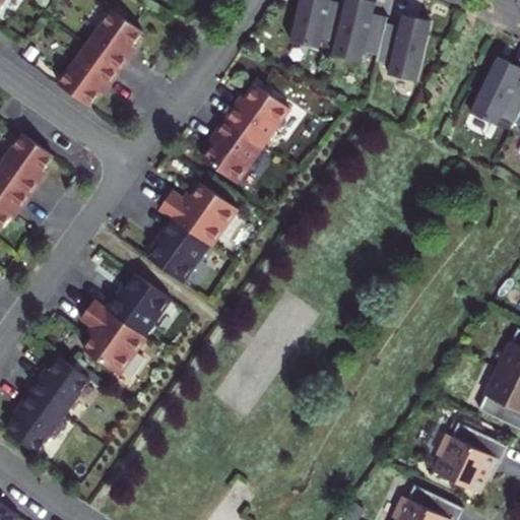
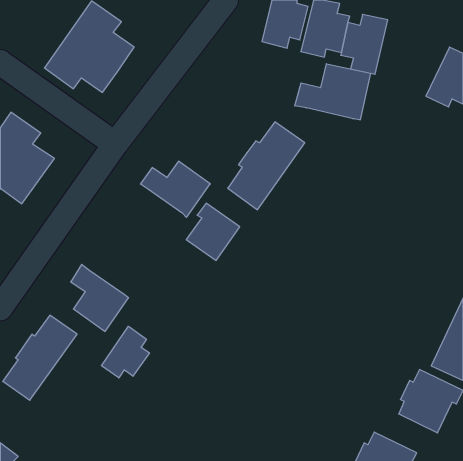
building: none -> [295,64,370,120]
building: [201,83,287,182] -> [228,122,305,210]
building: [144,214,204,278] -> [186,203,240,260]
building: [101,271,166,332] -> none
building: none -> [101,326,149,378]

